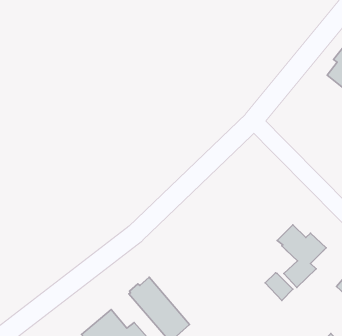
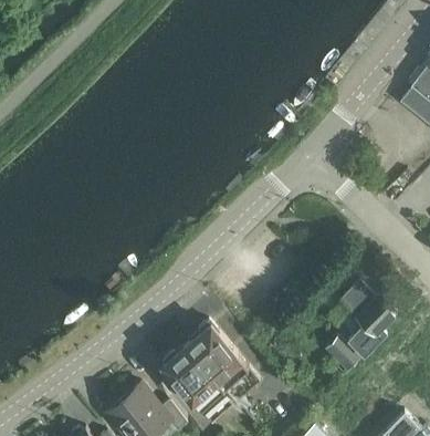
building: none -> [187,322,260,402]

